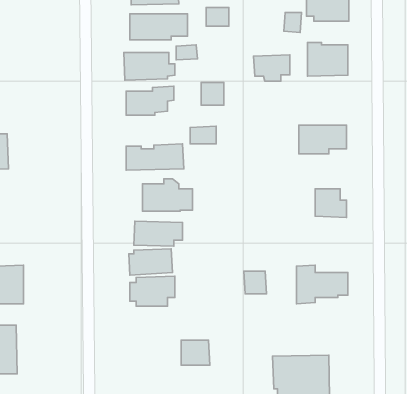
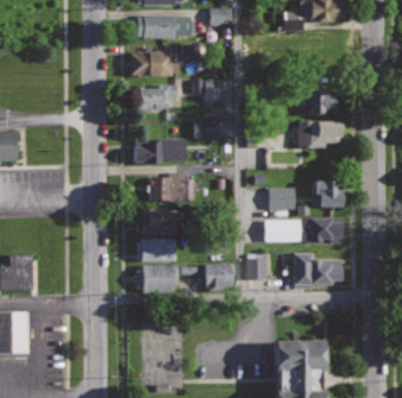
building: [253,55,290,81] -> [301,89,335,114]
building: none -> [268,188,294,210]
building: none -> [265,217,344,241]
building: [181,340,210,365] -> [205,265,232,289]

